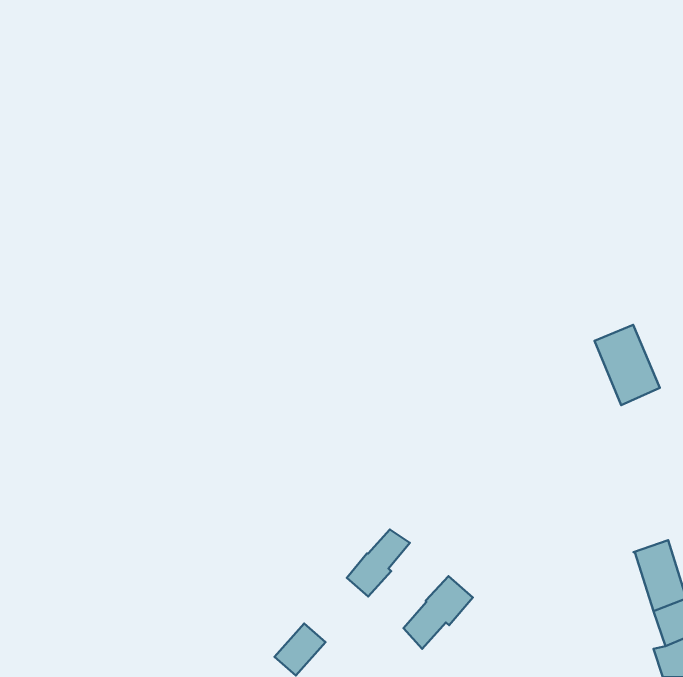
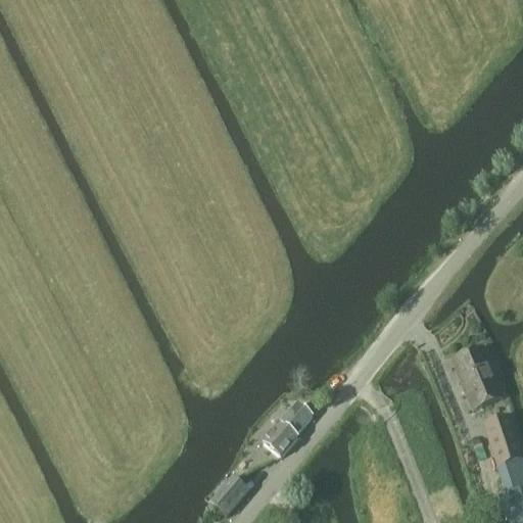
building: [594,325,660,405] -> [454,345,504,407]
building: [404,576,473,649] -> none

